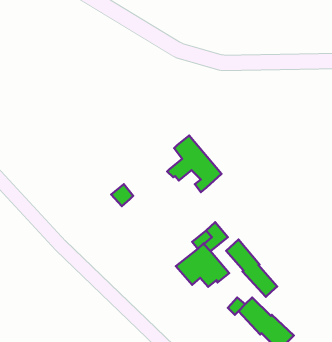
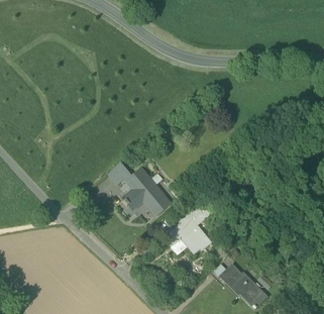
building: [167,136,222,192] -> [122,169,170,218]
building: [226,239,277,297] -> none

